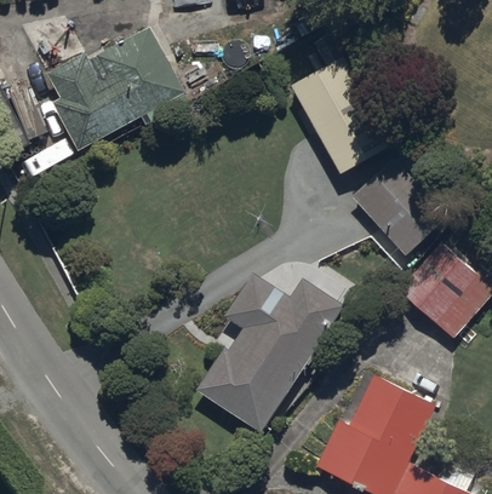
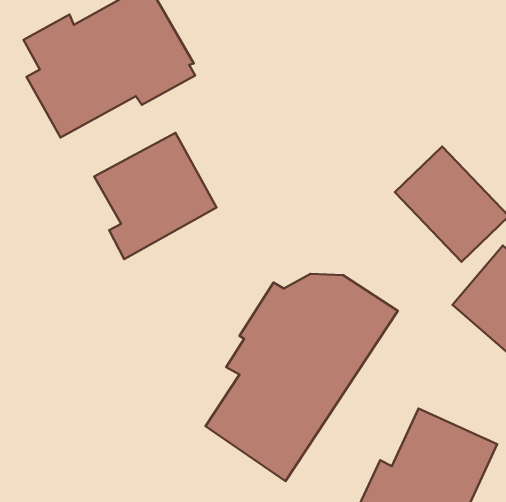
building: [291,56,393,173] -> none
building: none -> [94,133,216,259]

